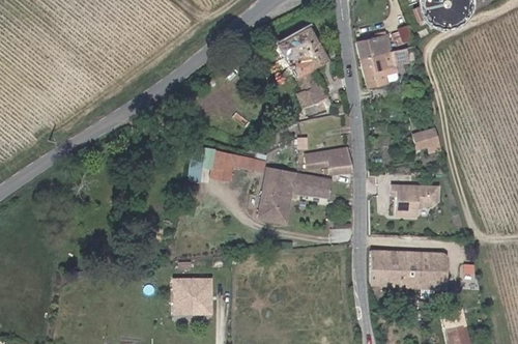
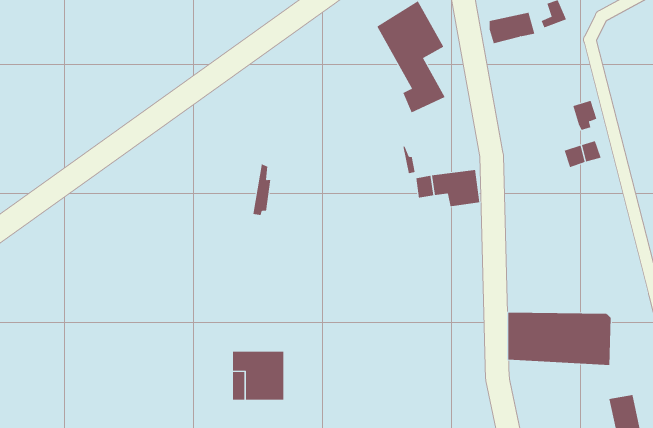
building: [362,48,409,87] -> none
building: [211,151,256,180] -> none
building: [259,169,333,221] -> none
building: [391,184,438,217] -> none

